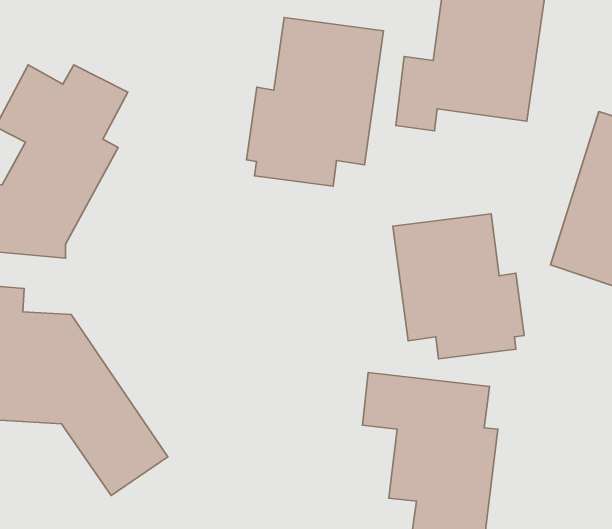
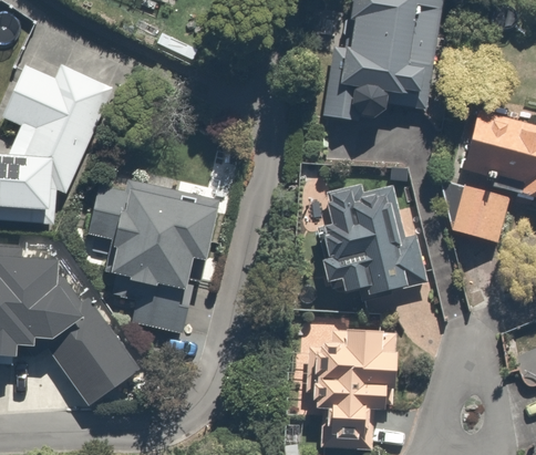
building: [247,18,383,186] -> none
building: none -> [81,180,229,334]

